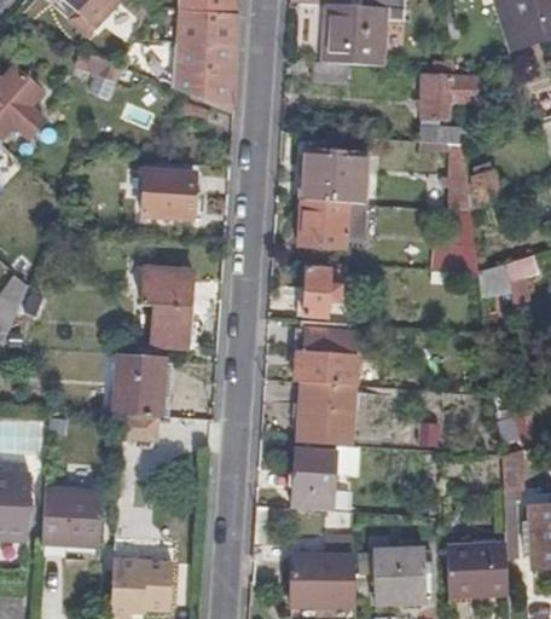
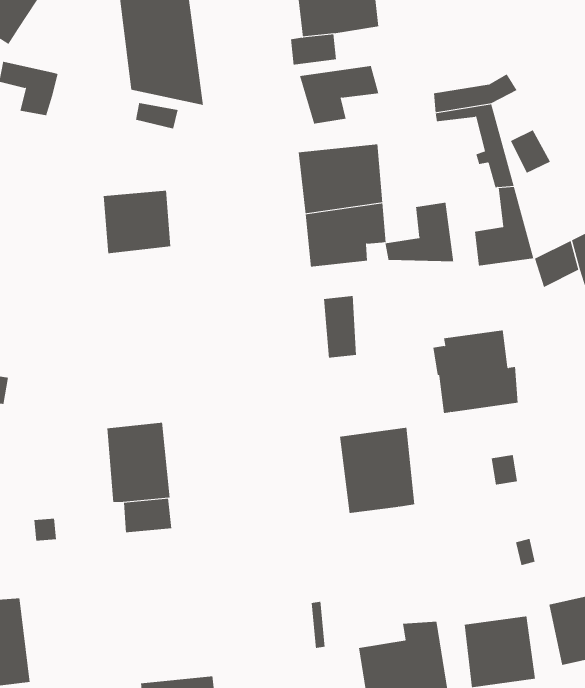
building: [418,79,478,118] -> [299,66,379,124]
building: none -> [385,202,454,262]
building: [139,261,191,345] -> none
building: [294,326,356,387] -> [433,330,519,414]
building: [291,449,360,514] -> none
building: [41,487,102,544] -> none

